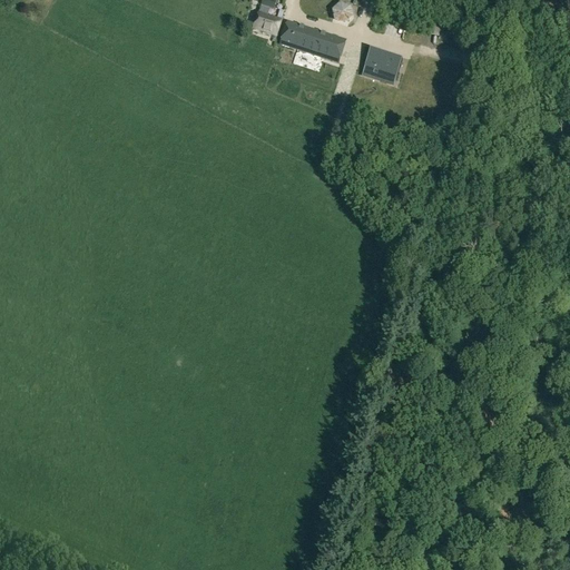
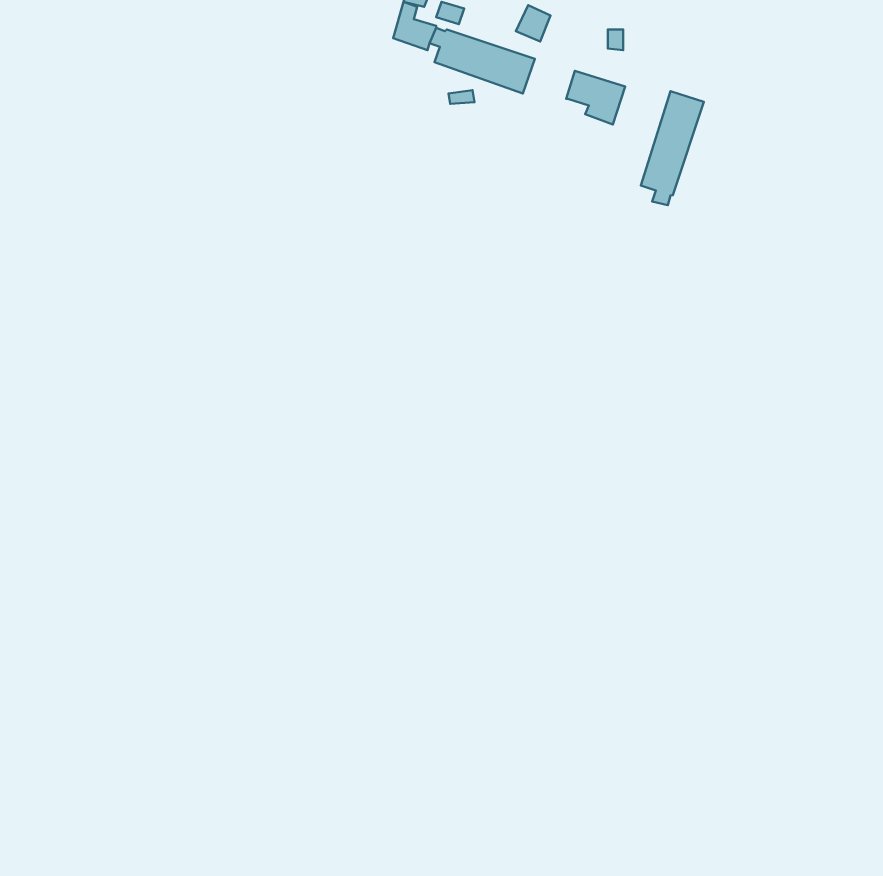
building: none -> [641,91,704,205]

